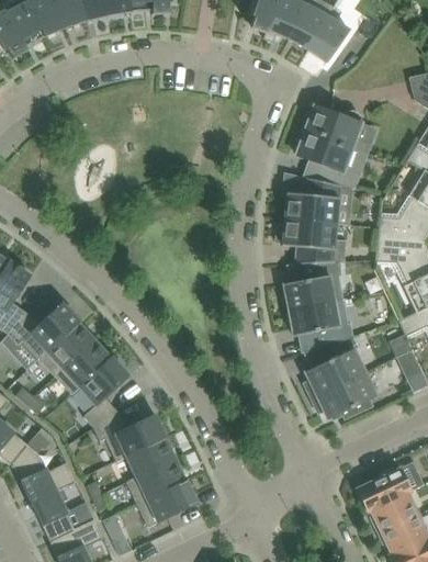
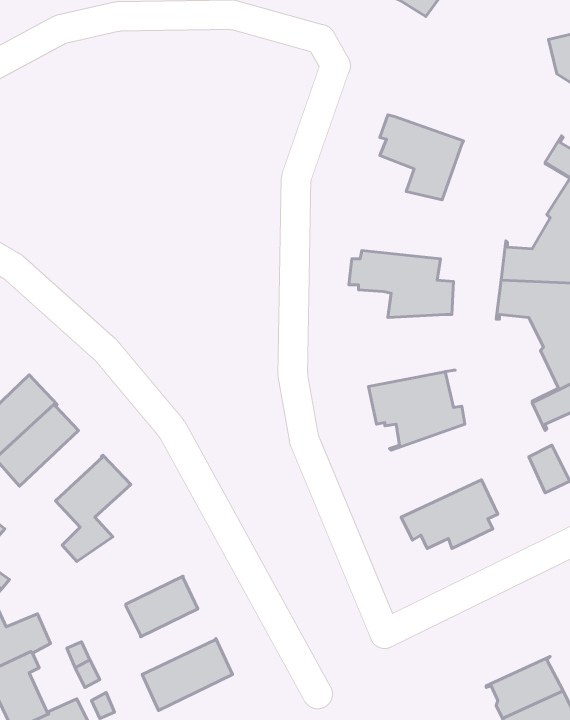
building: [302,105,371,154] -> none
building: [284,176,340,224] -> none
building: [284,261,346,310] -> none
building: [303,335,364,397] -> none
building: [55,339,111,394] -> none
building: [93,411,166,461] -> none
building: [126,459,185,503] -> none
building: [357,468,410,510] -> none

